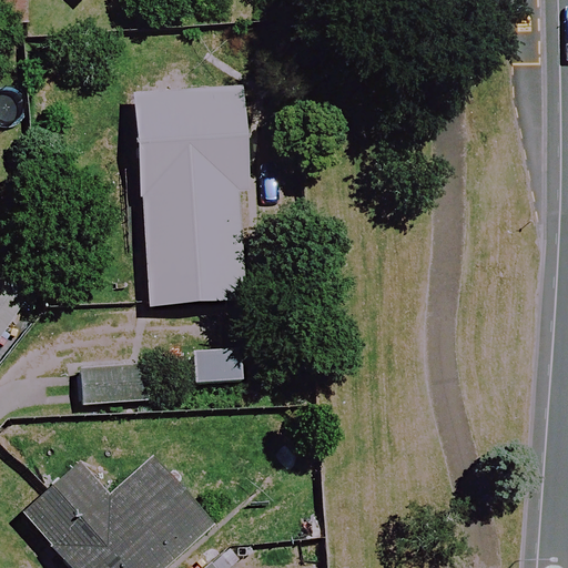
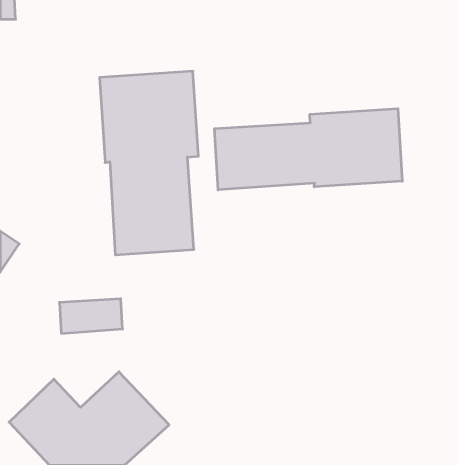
building: none -> [215,109,402,190]

